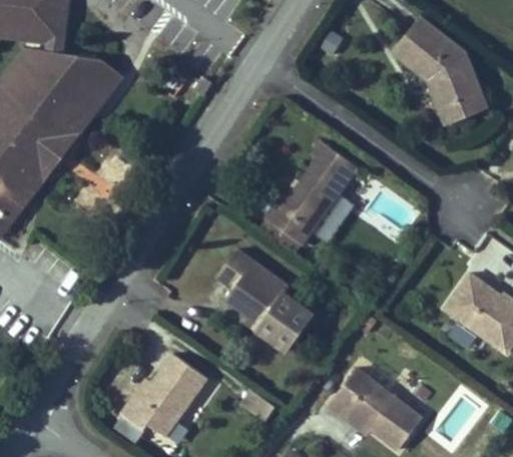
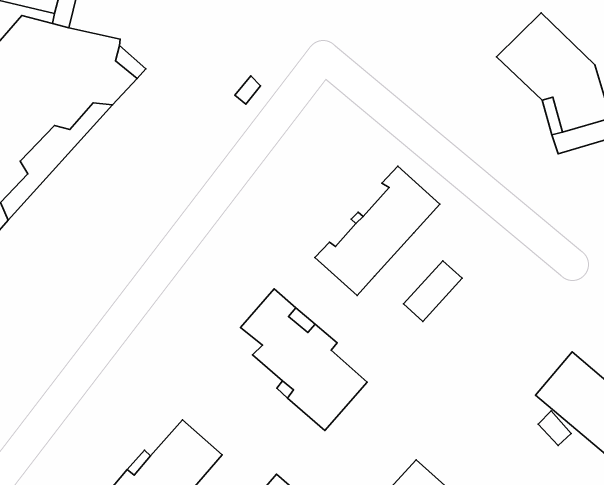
building: [312,193,355,242] -> [404,261,462,321]

